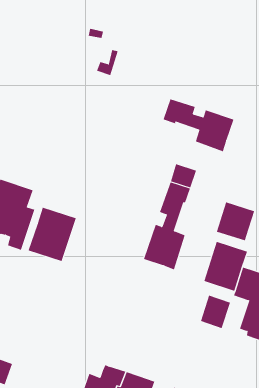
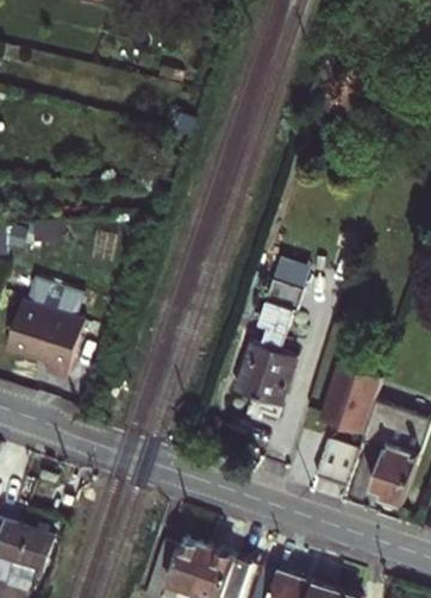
building: [163,99,234,152] -> none
building: [216,202,255,241] -> none
building: [28,207,76,262] -> none

